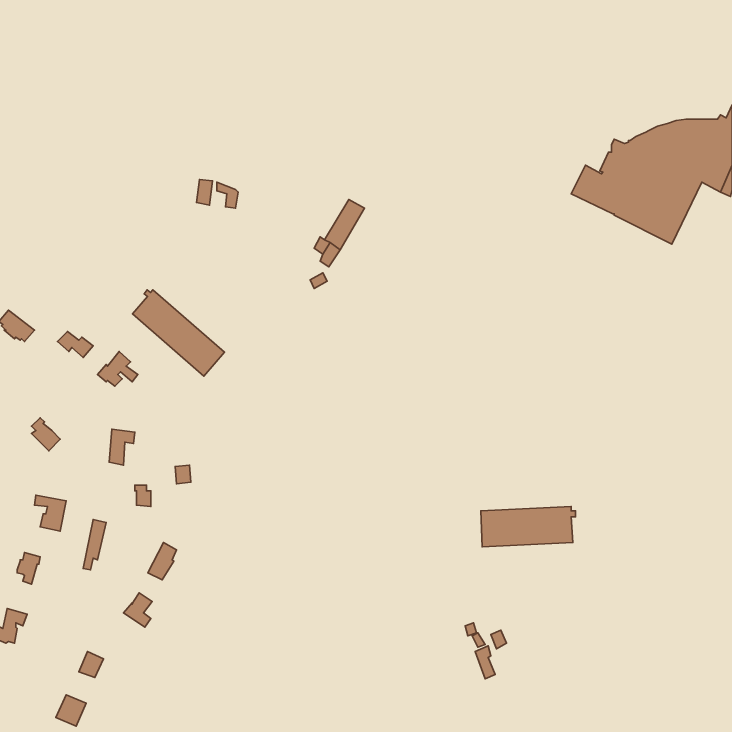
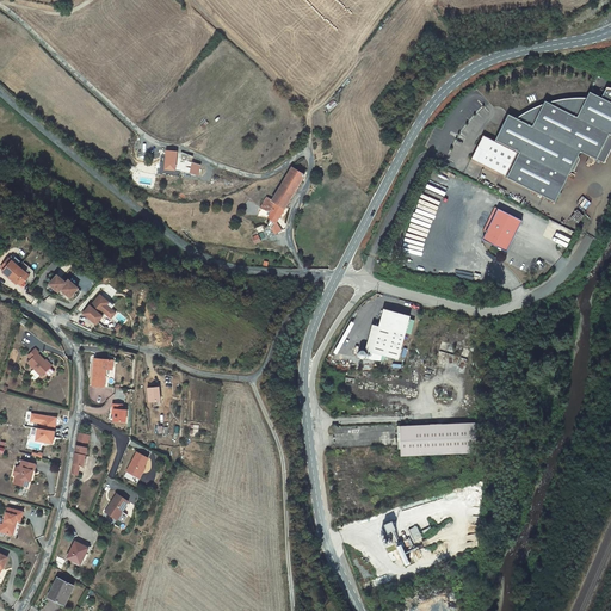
building: none -> [482,205,521,249]
building: [132,290,225,376] -> none
building: none -> [365,308,409,359]

